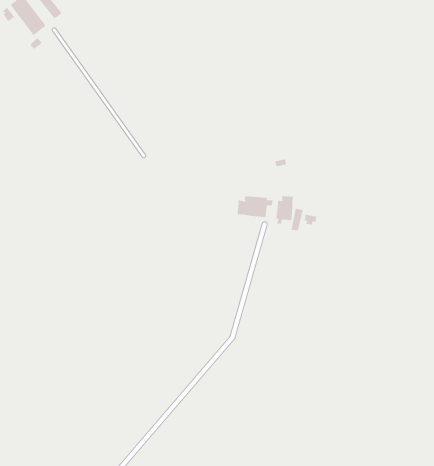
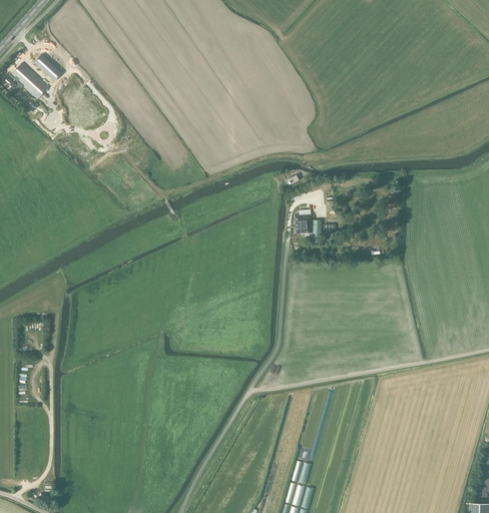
building: [237,196,274,218] -> none

